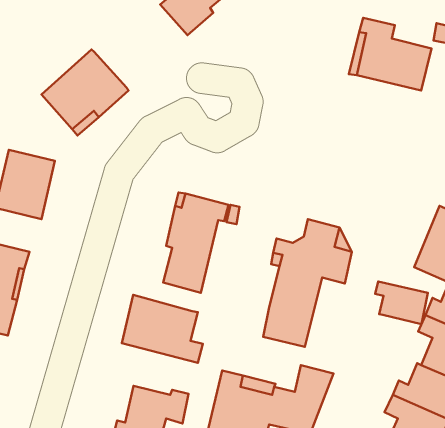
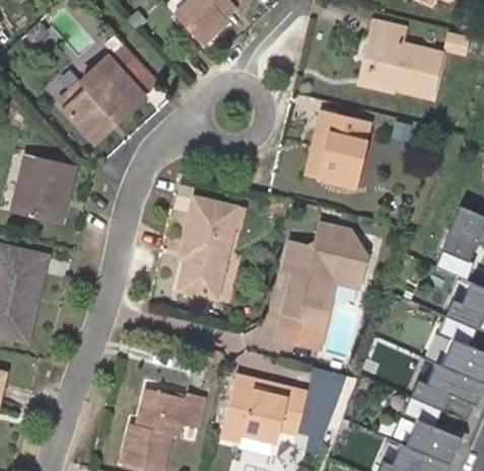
building: none -> [110,44,156,93]
building: none -> [309,111,370,185]
building: [375,282,428,324] -> none
building: [122,295,203,363] -> none

